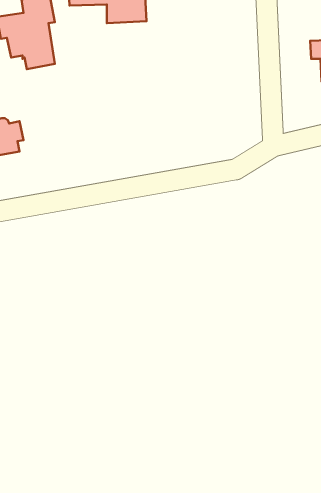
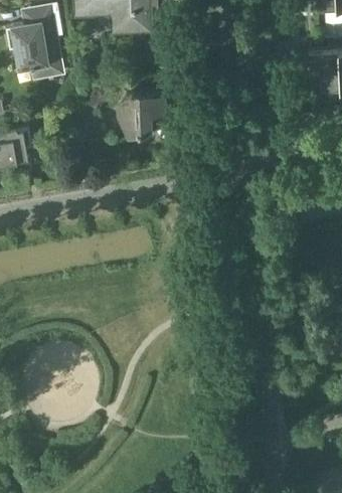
building: none -> [115,92,166,136]

